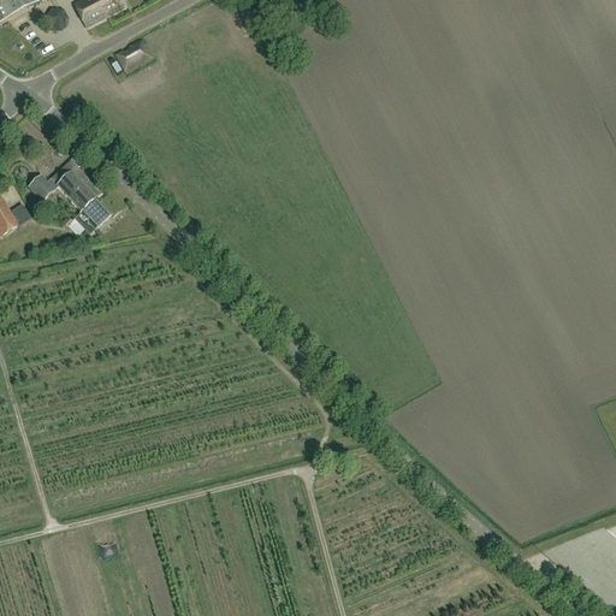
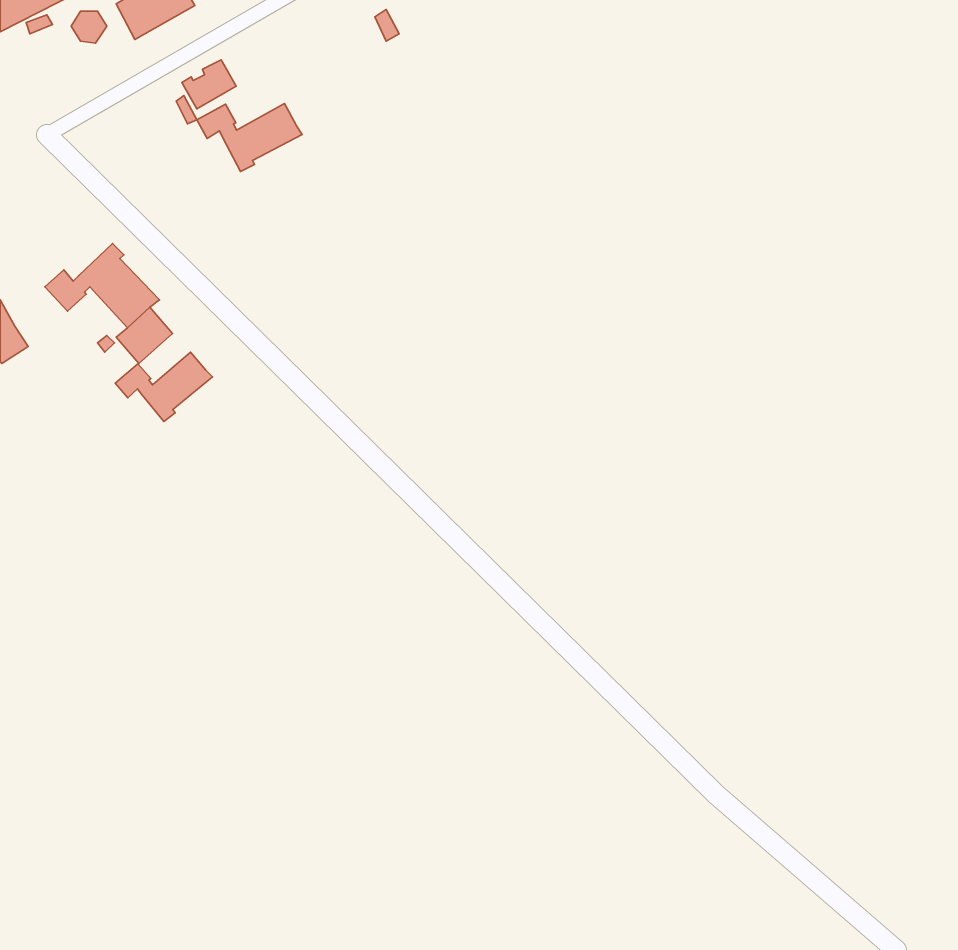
building: none -> [197,103,302,172]
building: none -> [115,352,212,422]

